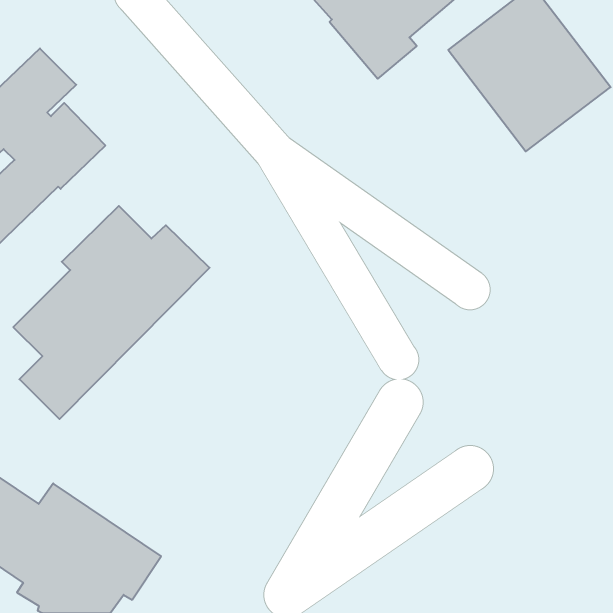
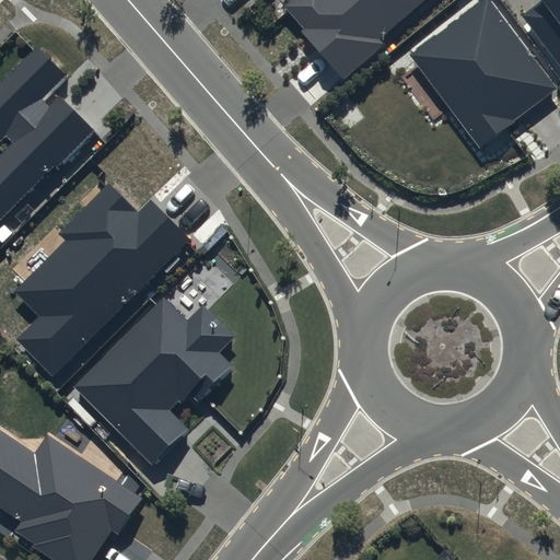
building: none -> [71,299,233,469]

